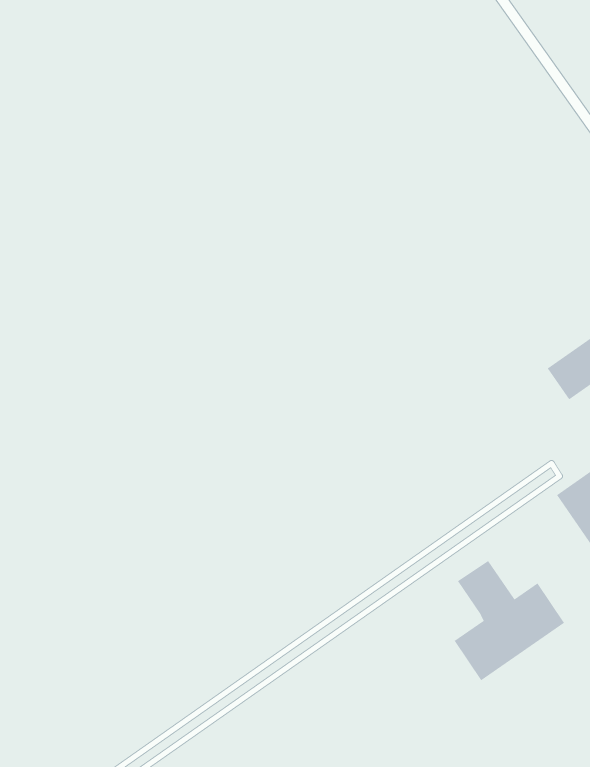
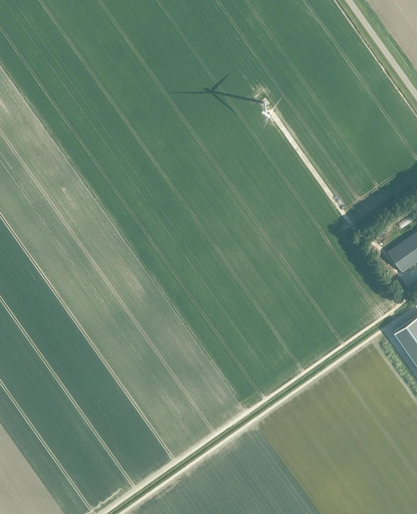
building: [454,560,565,681] -> none

